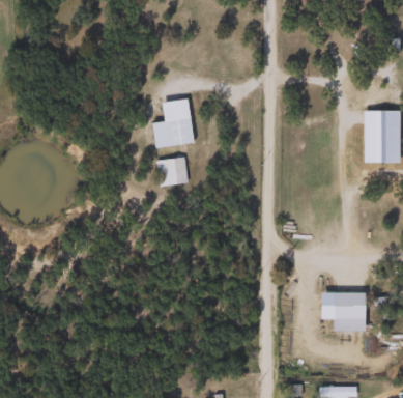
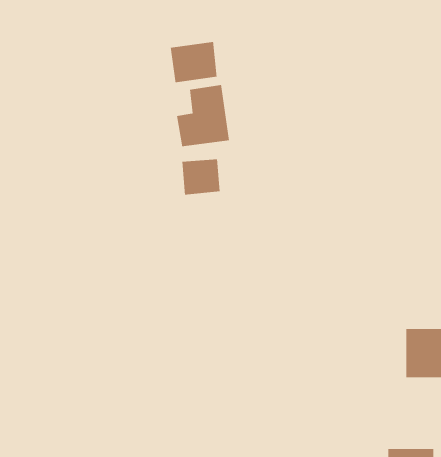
building: none -> [170,41,217,83]

